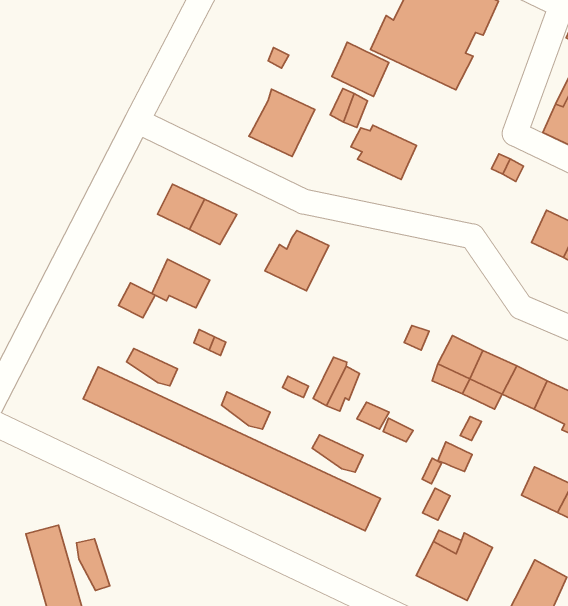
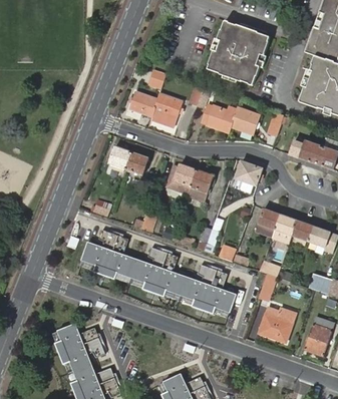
building: [332,42,389,97] -> [231,107,259,133]
building: none -> [128,90,157,115]
building: none -> [234,160,262,184]
building: none -> [186,168,213,201]
building: [152,259,210,308] -> none

